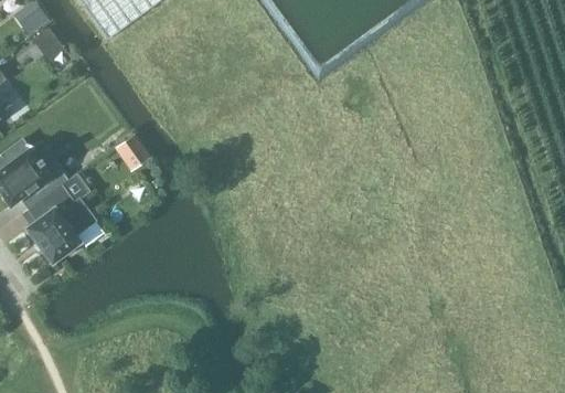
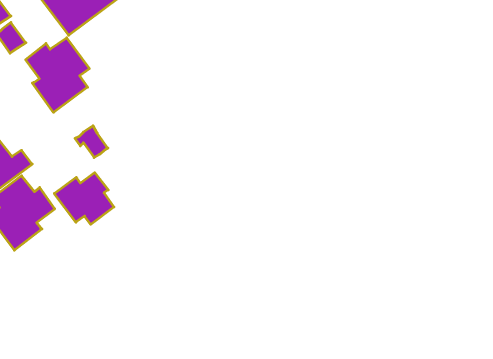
building: none -> [26,38,89,112]
building: none -> [54,173,114,224]

